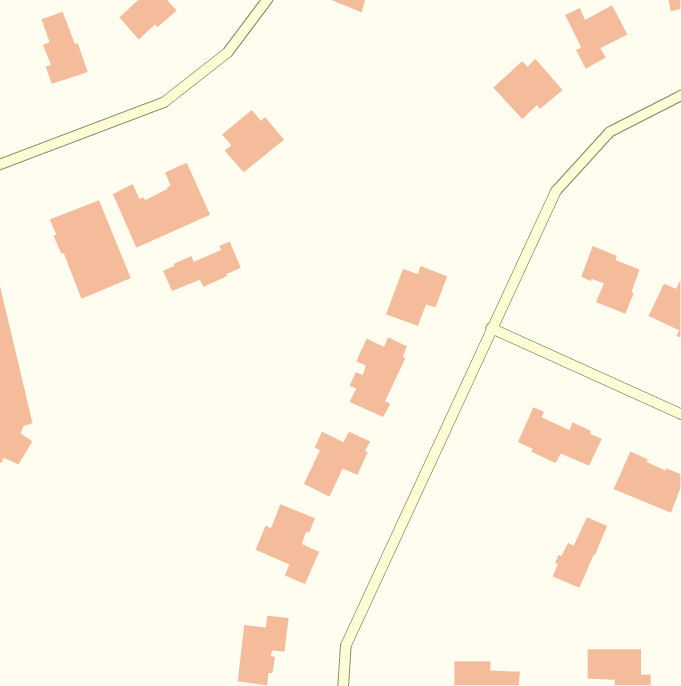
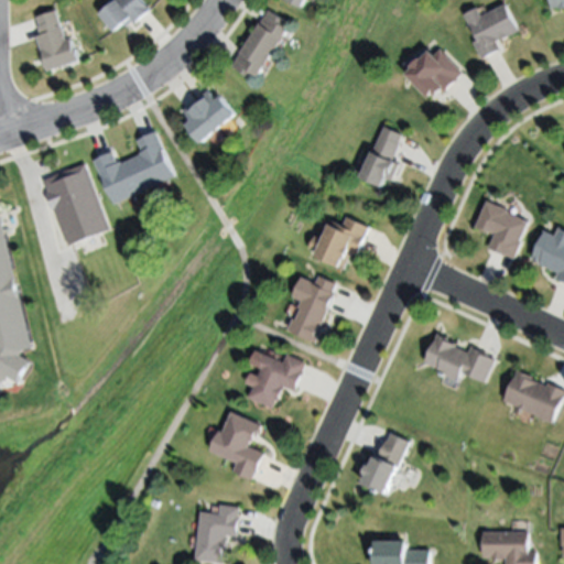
building: none -> [230,8,286,77]
building: none -> [359,126,401,186]
building: [162,240,242,292] -> none
building: [552,516,608,589] -> [360,433,406,492]

